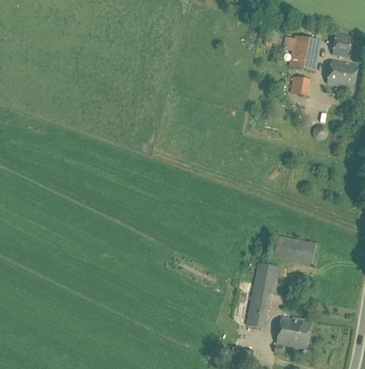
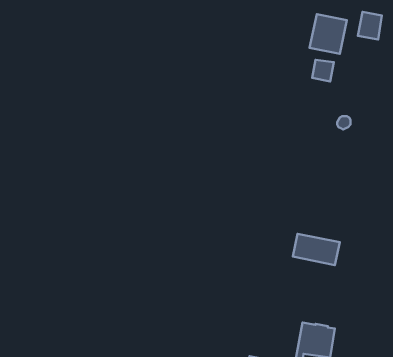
building: [327,60,357,89] -> none
building: [246,263,277,328] -> none

